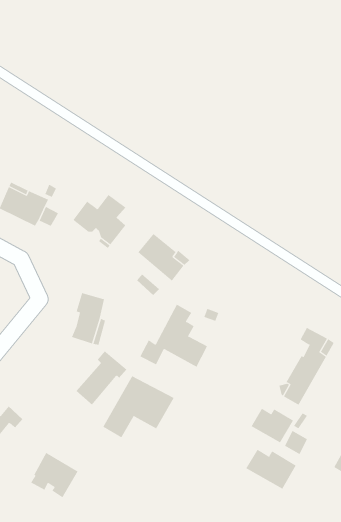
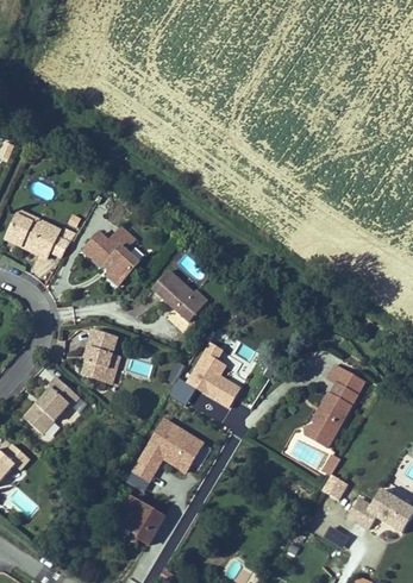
building: [75,350,127,405] -> [27,377,82,435]
building: [251,408,294,443] -> none
building: [246,449,297,489] -> none
building: [30,452,78,498] -> [114,497,165,546]

